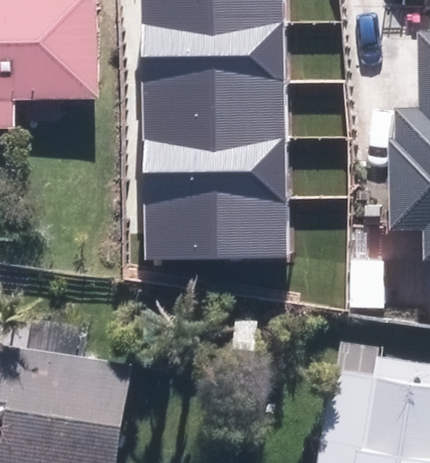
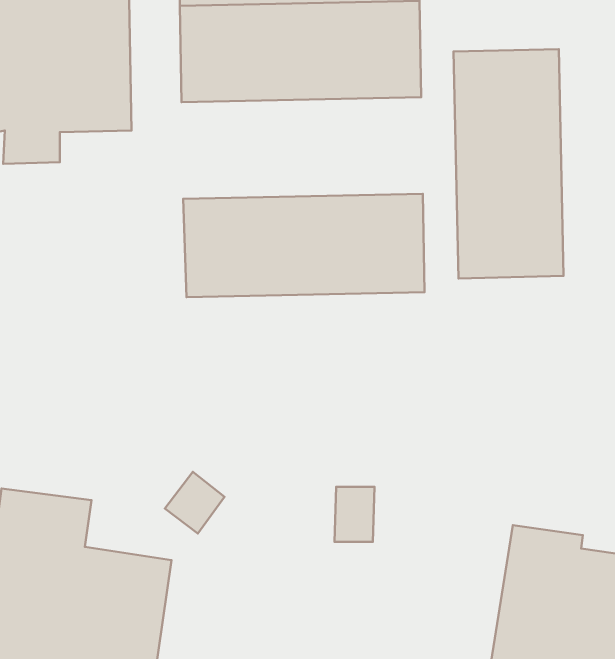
building: none -> [454,49,564,279]
building: [139,82,284,143] -> none
building: [142,199,286,261] -> none

